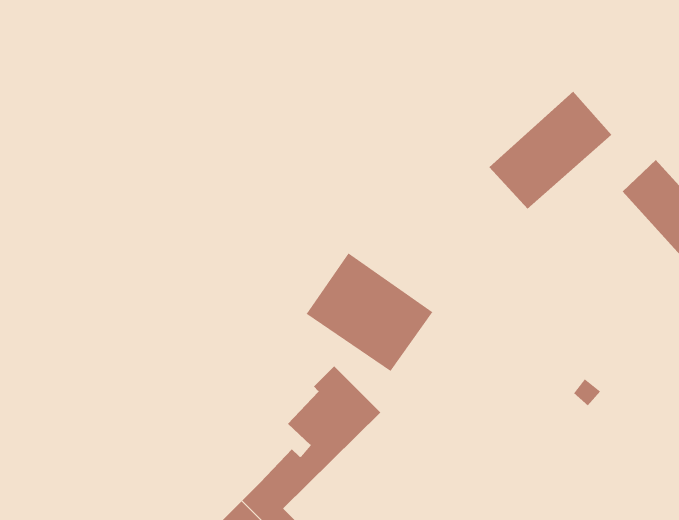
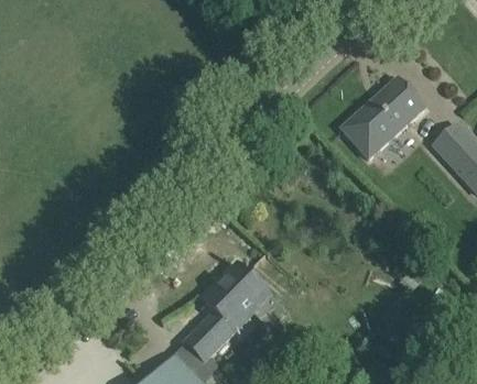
building: [306,252,433,372] -> none

